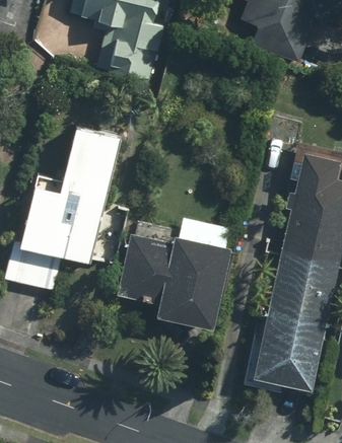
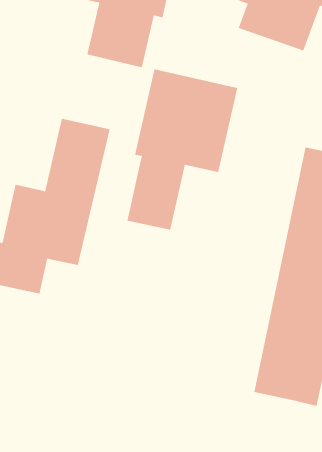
building: none -> [127,68,238,231]
building: [118,235,229,330] -> none

